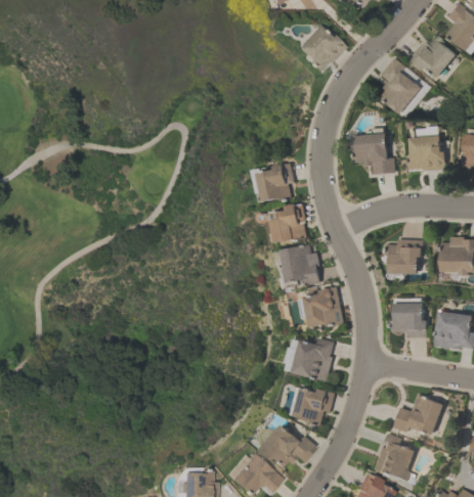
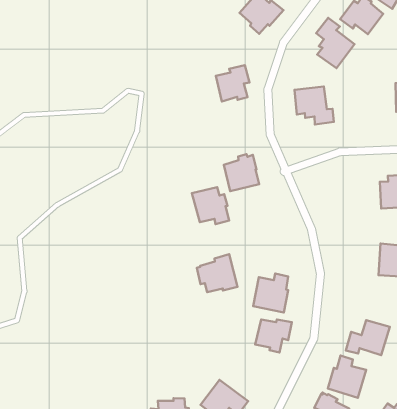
building: [407,135,444,171] -> none
building: [258,163,295,201] -> [216,65,249,101]
building: [387,239,423,278] -> none
building: [281,244,320,285] -> [192,187,229,224]
building: [299,286,343,327] -> [197,254,237,292]
building: [391,303,427,337] -> none
building: [258,423,315,467] -> none

